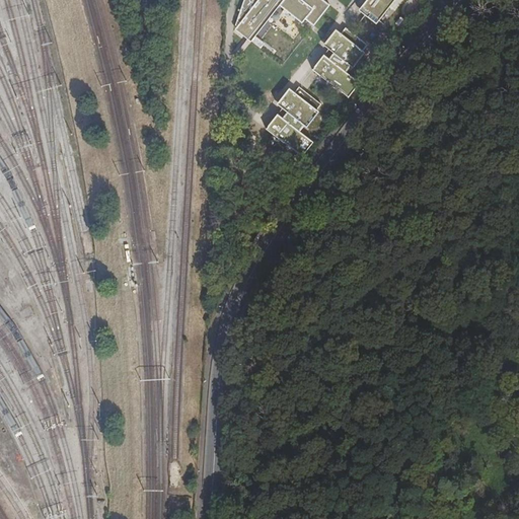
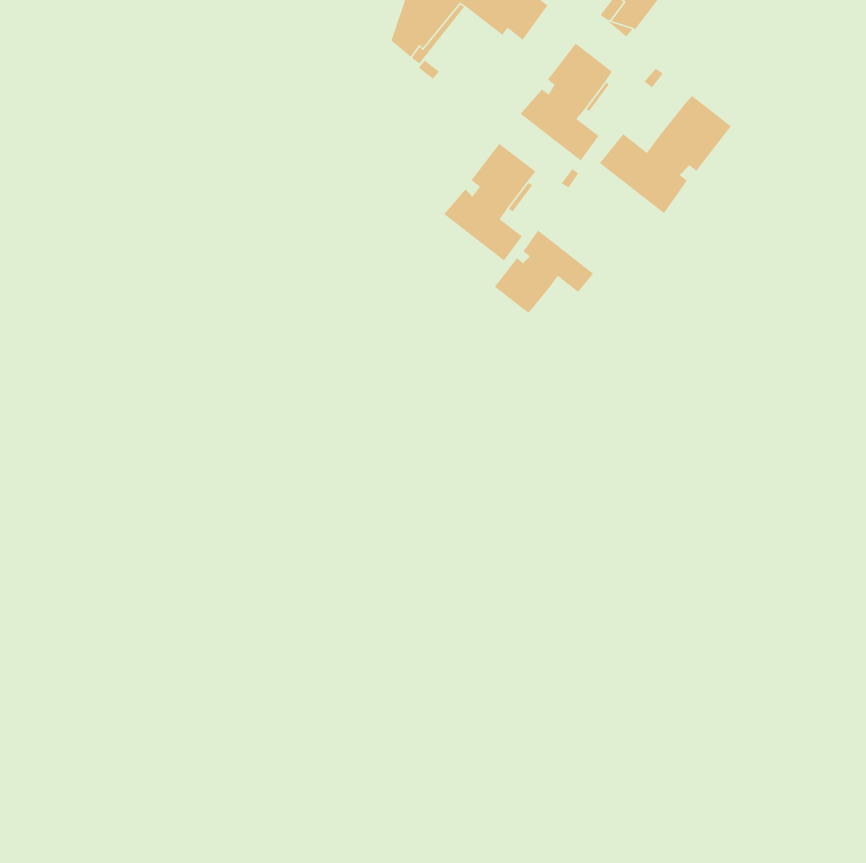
building: none -> [599,95,732,214]
building: none -> [494,229,594,314]

